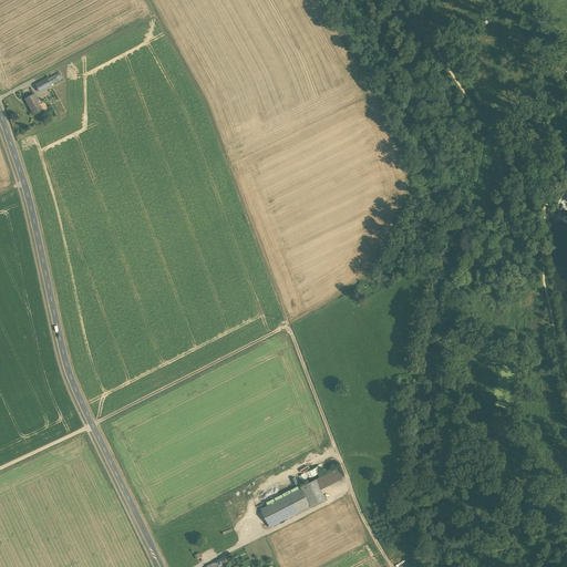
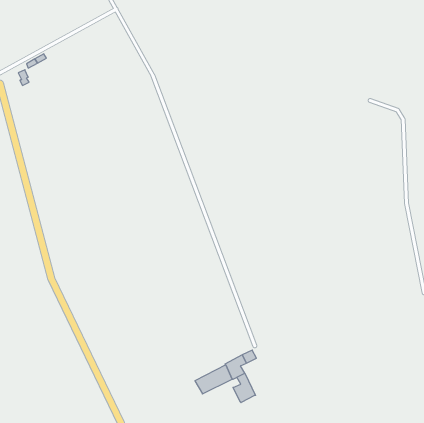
building: none -> [233,373,256,403]

